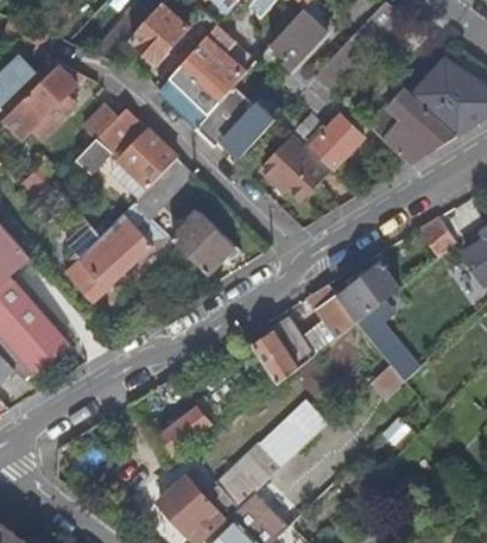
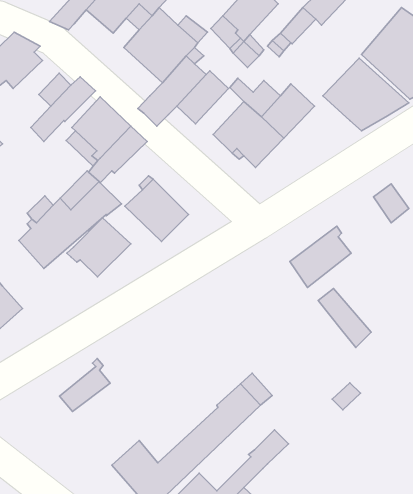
building: none -> [67,218,131,277]
building: [252,283,354,383] -> none
building: [158,398,209,452] -> [59,358,110,411]

